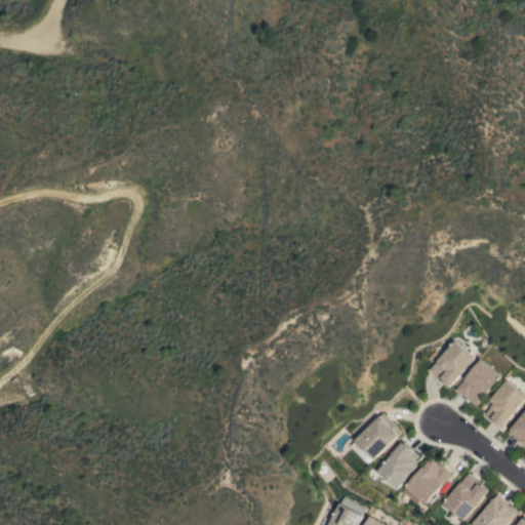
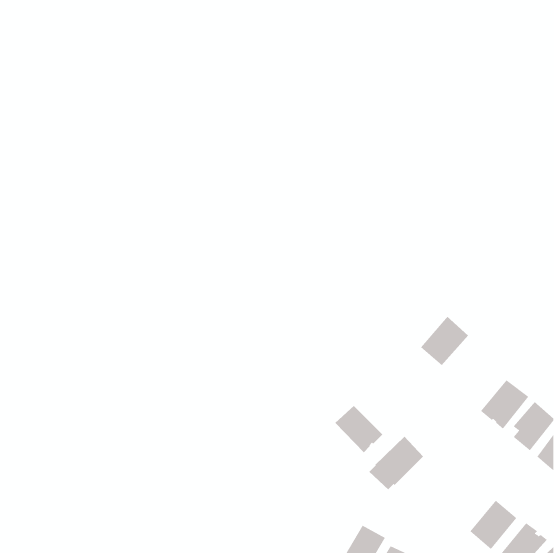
building: [427,340,473,388] -> [420,316,469,366]
building: none -> [335,405,383,453]
building: [377,442,419,489] -> none
building: [403,457,451,504] -> none

